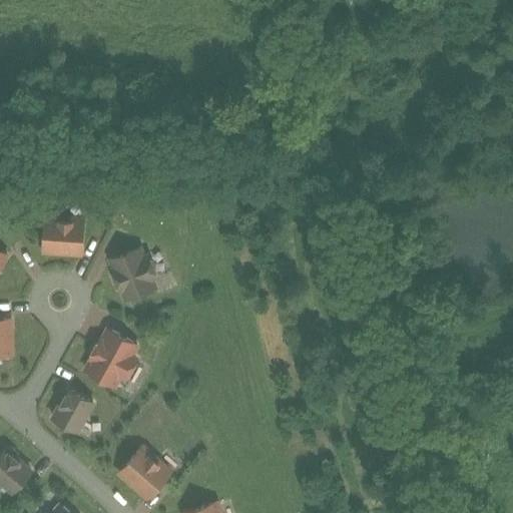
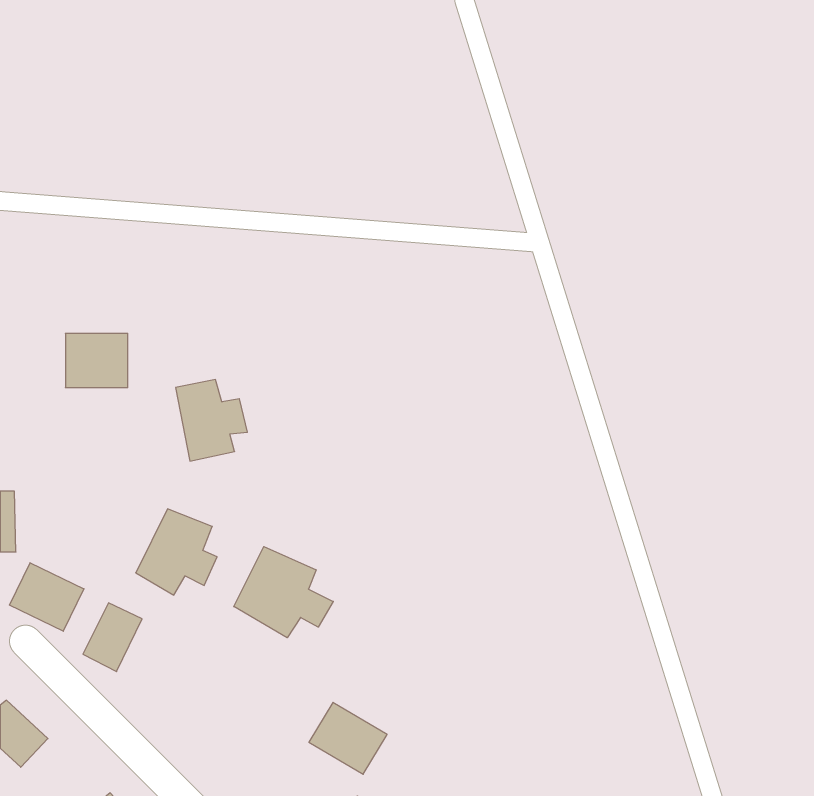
building: none -> [234,547,333,638]
building: none -> [9,563,84,631]
building: [117,450,166,495] -> [309,702,387,774]

